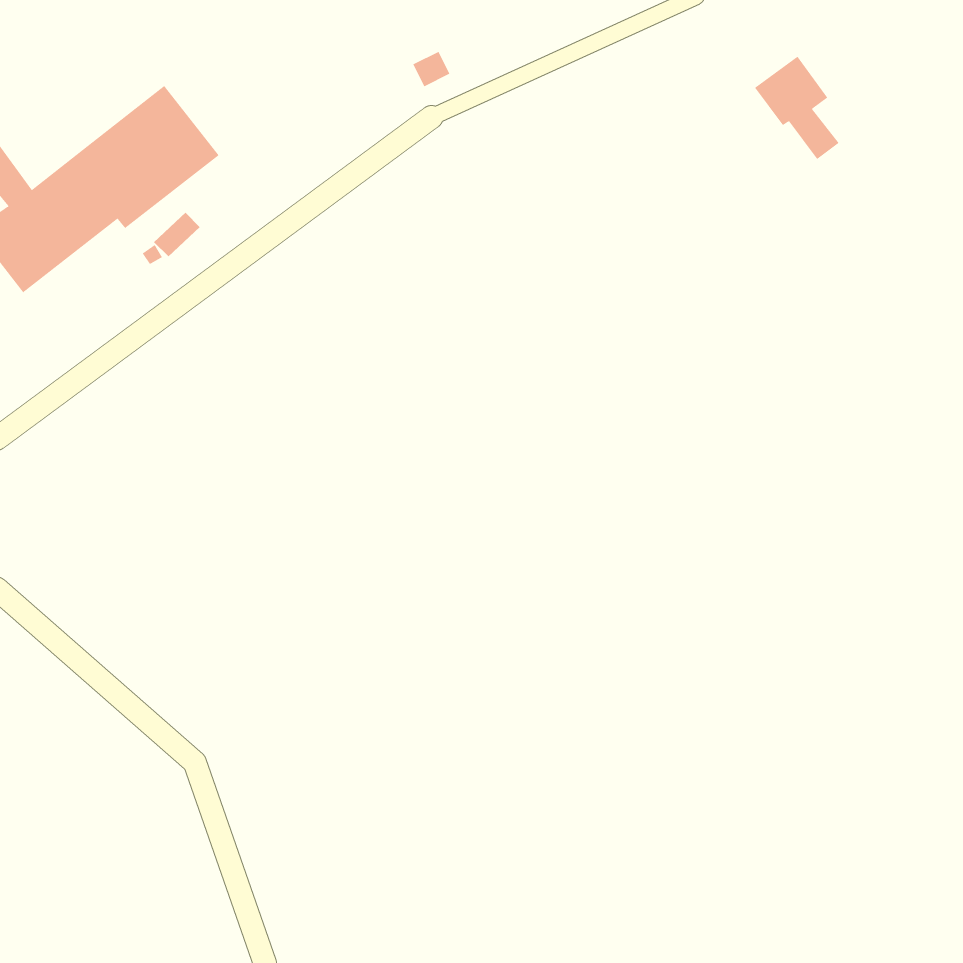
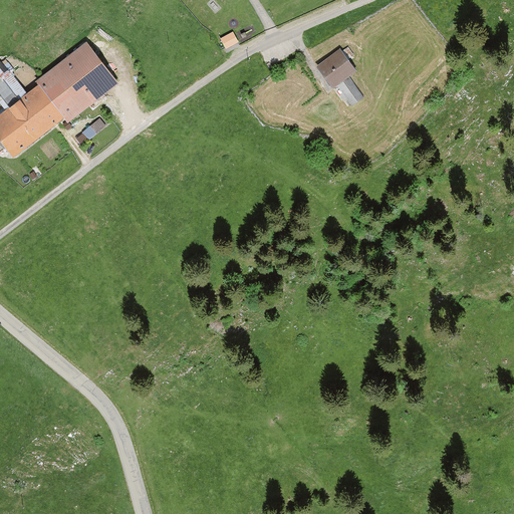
building: [754,56,839,160] -> [316,49,361,104]

